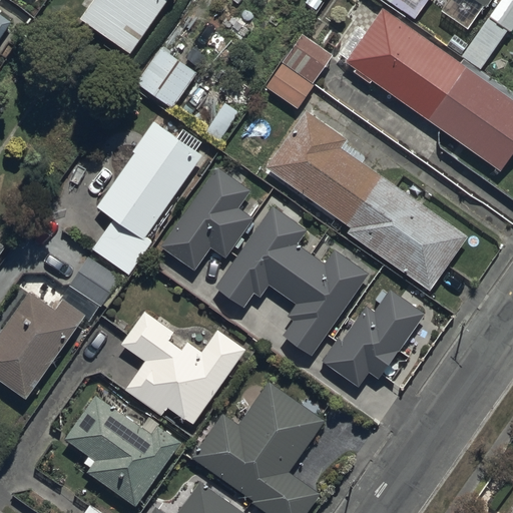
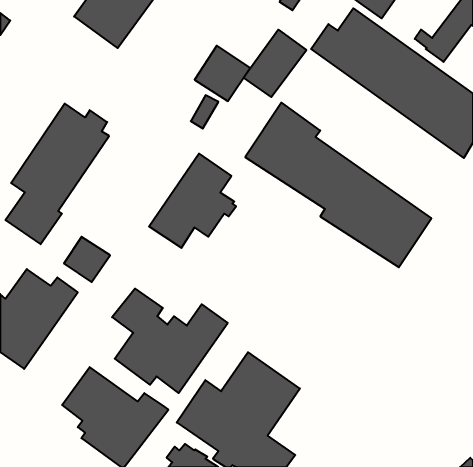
building: [135,50,195,110] -> [195,46,250,101]
building: [90,121,202,274] -> [5,104,109,244]
building: [216,205,368,355] -> none
building: [322,289,425,386] -> none

